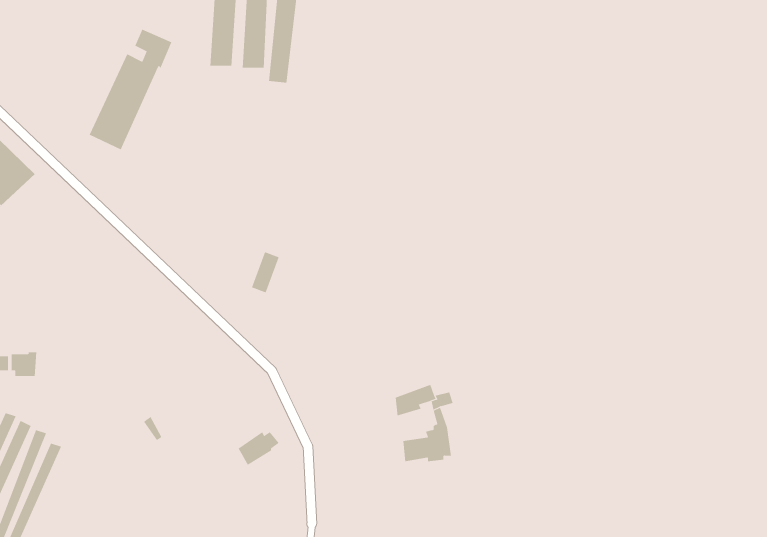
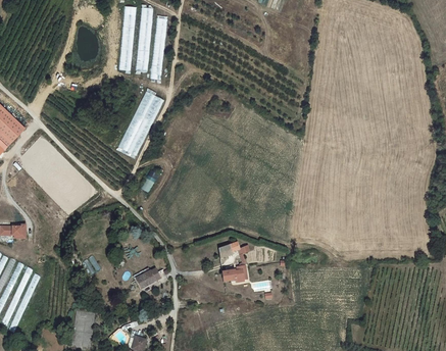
building: [89,29,172,150] -> [118,91,163,156]

